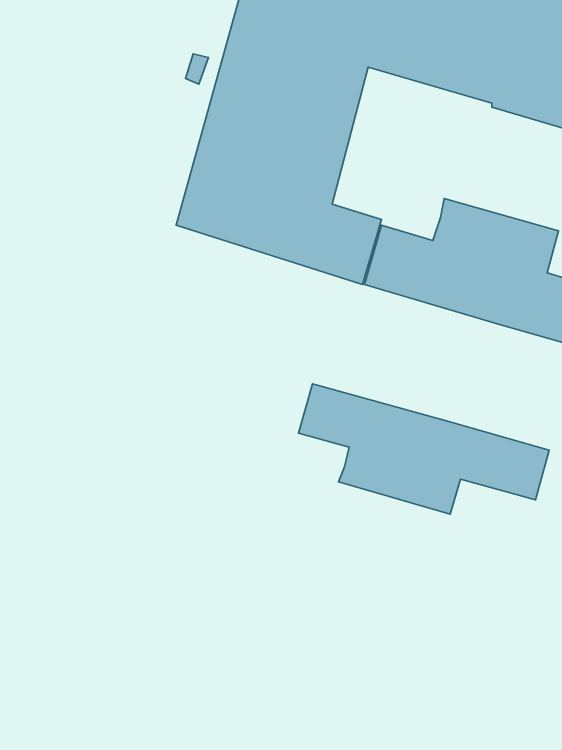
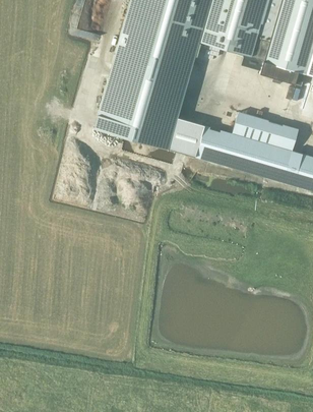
building: [299,384,549,514] -> none

